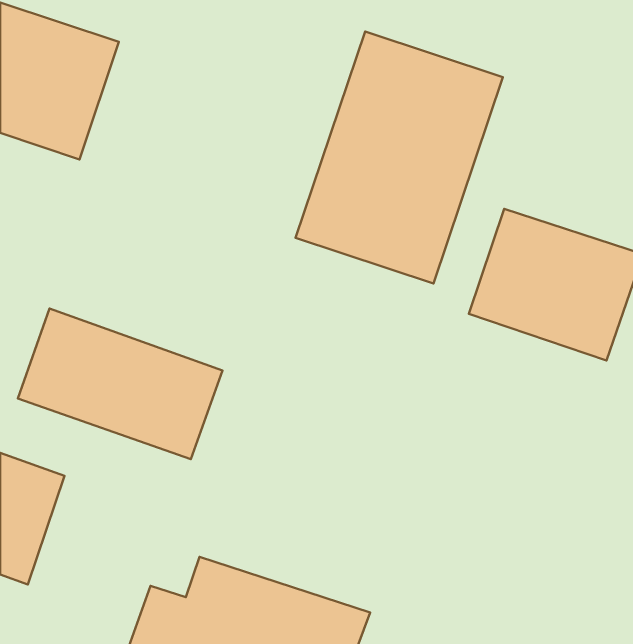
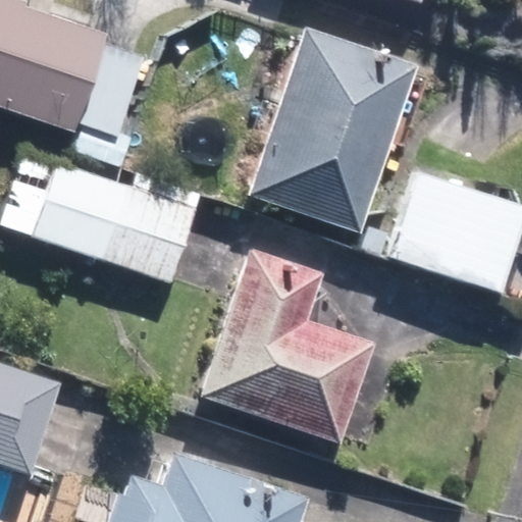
building: none -> [199,248,374,441]
building: [18,309,223,459] -> [35,164,200,285]

